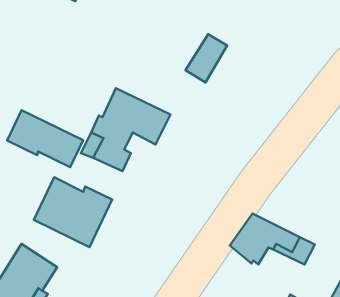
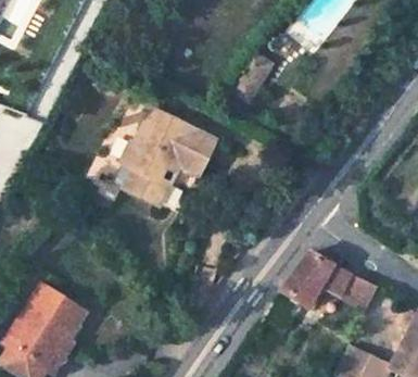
building: [7,110,83,167] -> none
building: [34,177,112,247] -> none

